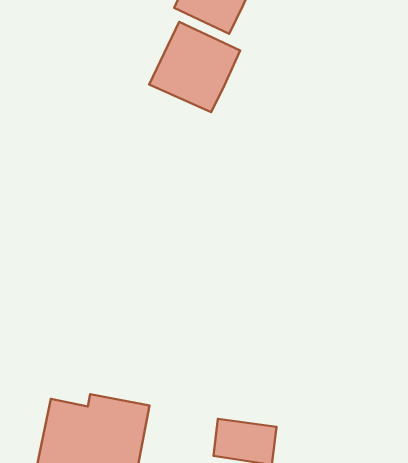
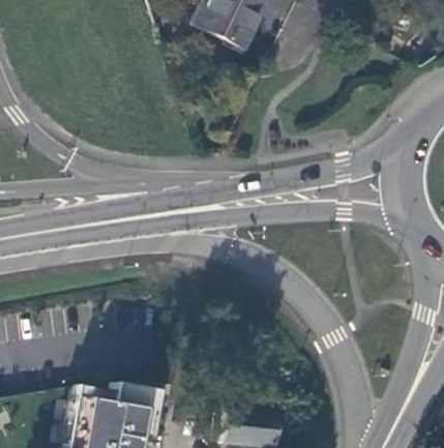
building: [149,22,240,112] -> none

